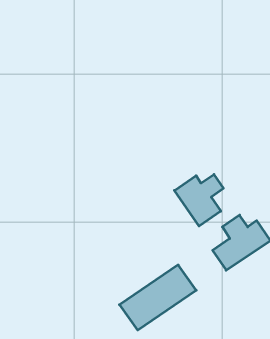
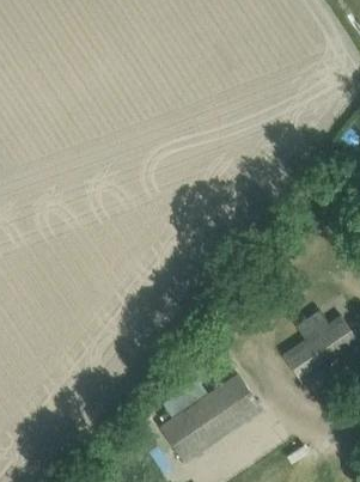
building: [174,174,223,226] -> none

